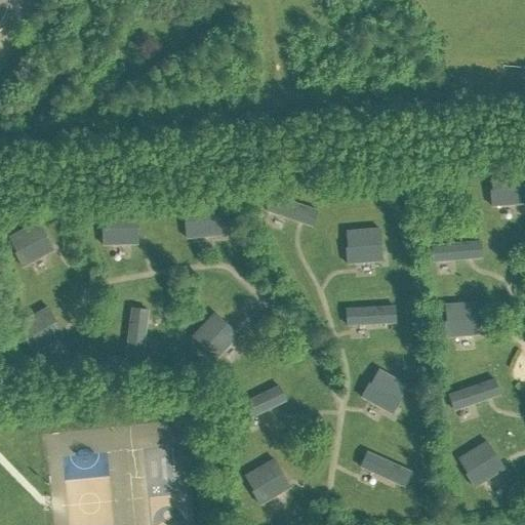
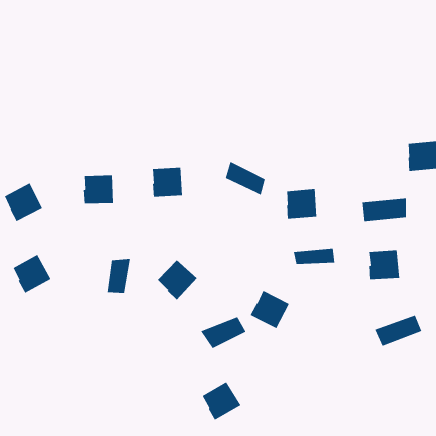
building: [360,367,408,413] -> [250,290,290,329]
building: [457,440,504,488] -> none
building: [365,458,416,493] -> none

